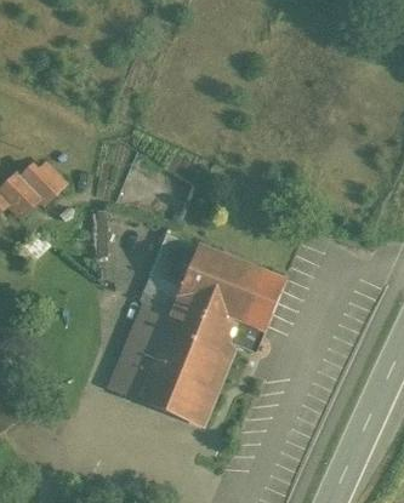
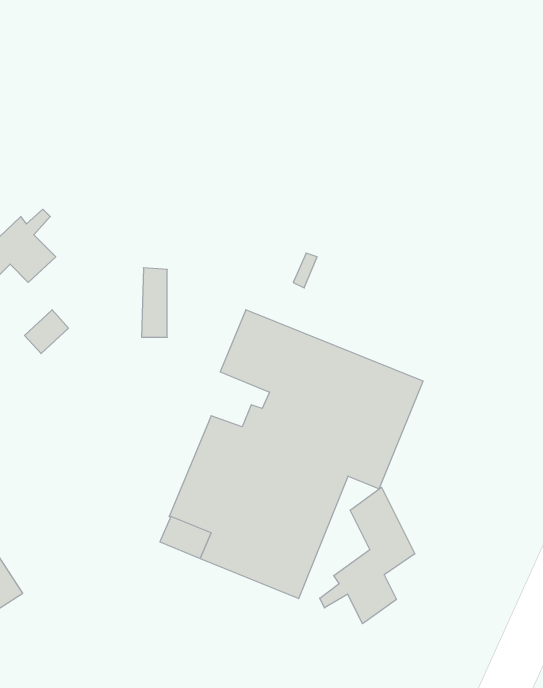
building: [25,164,64,202] -> none
building: none -> [320,487,415,624]

